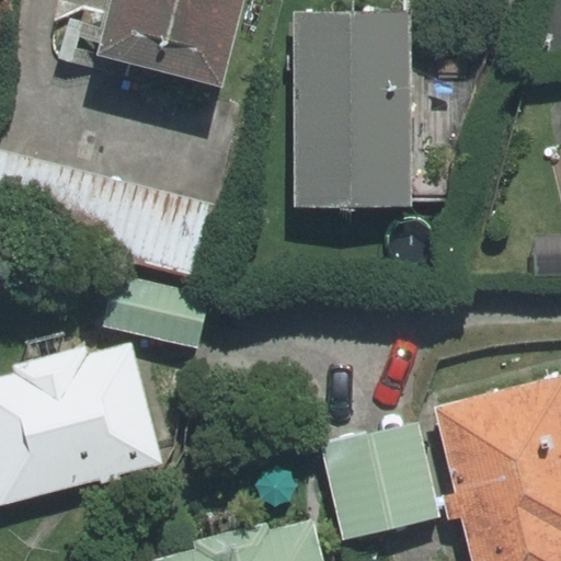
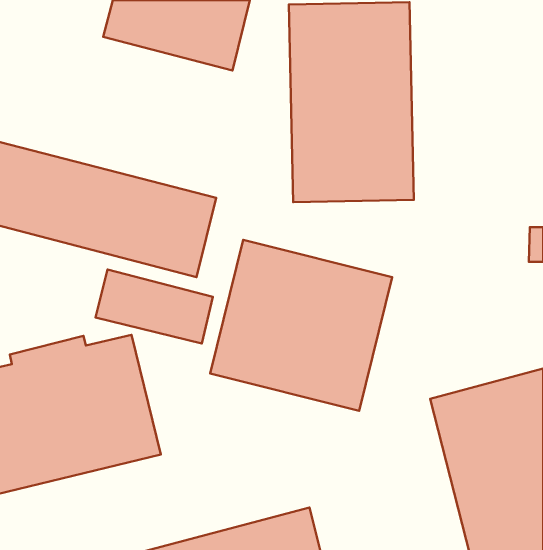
building: none -> [210,240,392,411]
building: [320,422,435,543] -> none

